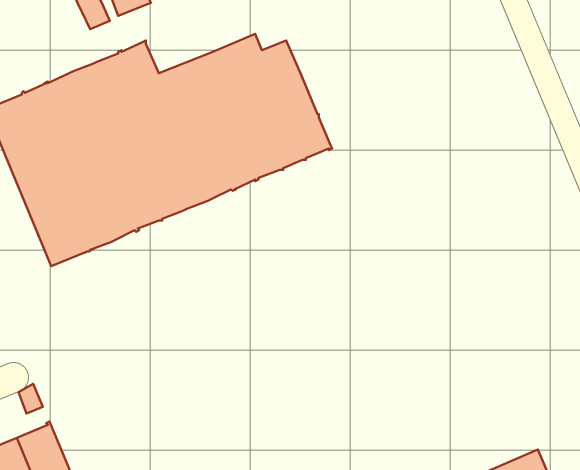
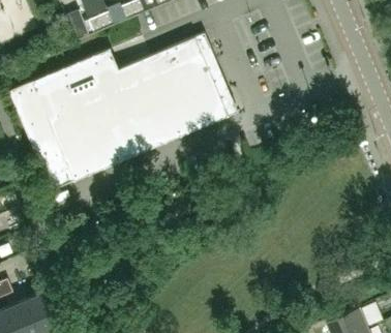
building: none -> [180,33,218,69]

